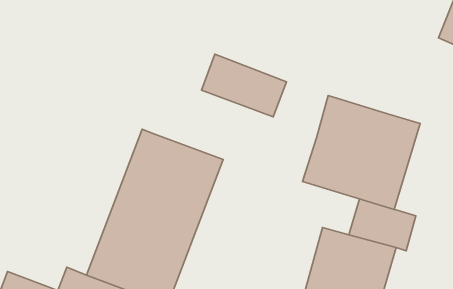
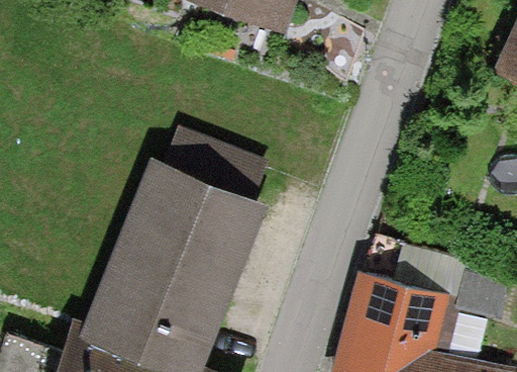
building: [201,54,287,117] -> [173,134,269,205]
building: [302,95,420,209] -> none

